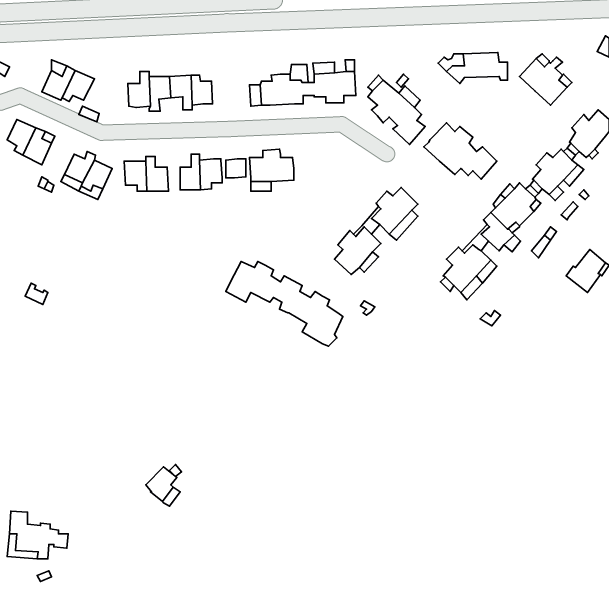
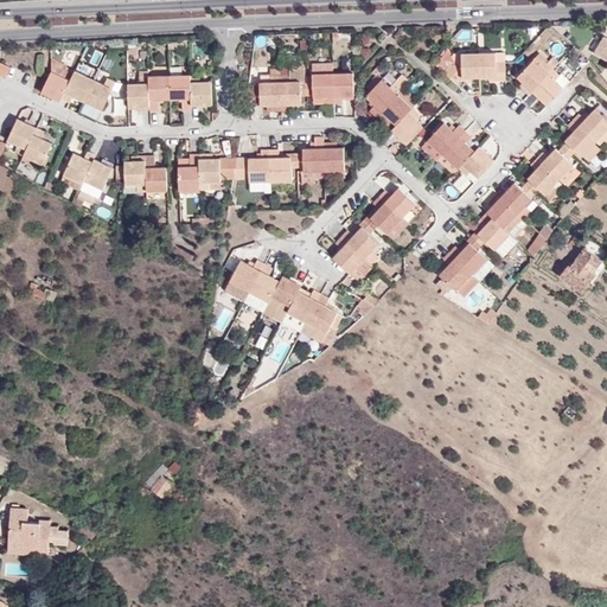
building: none -> [83,78,115,110]
building: none -> [302,147,344,179]
building: none -> [244,292,305,331]

